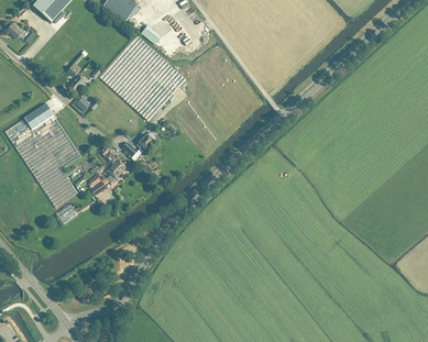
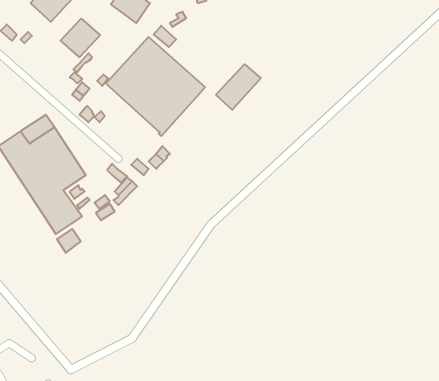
building: none -> [61,19,100,57]
building: none -> [216,64,261,110]

